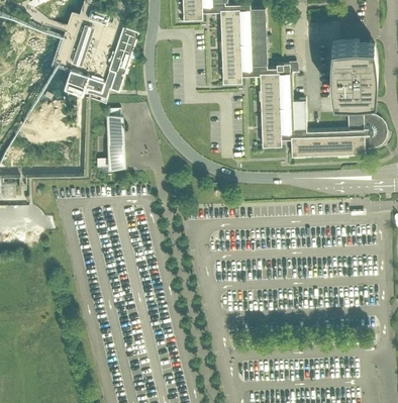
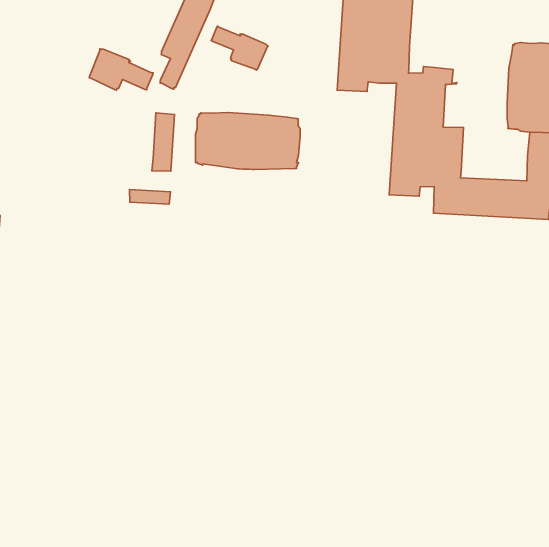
building: none -> [211,26,268,70]
building: none -> [195,112,300,169]

